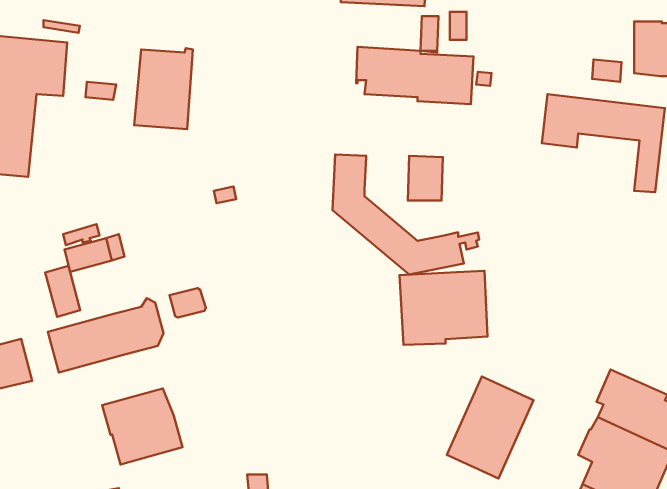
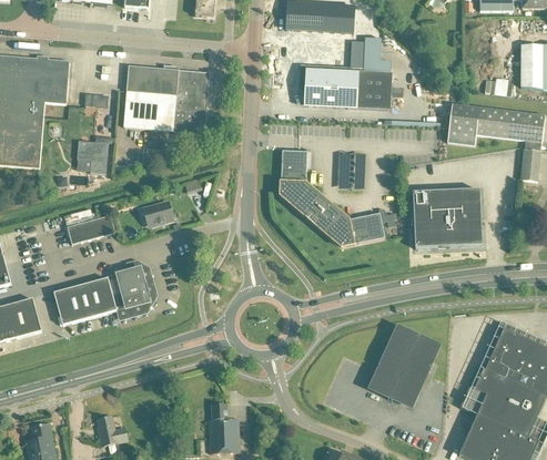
building: none -> [164,67,209,133]
building: none -> [75,141,108,173]
building: [45,266,80,317] -> none
building: [399,271,487,345] -> [412,188,482,247]
building: [170,288,206,318] -> [143,201,172,224]
building: [102,388,182,464] -> none

